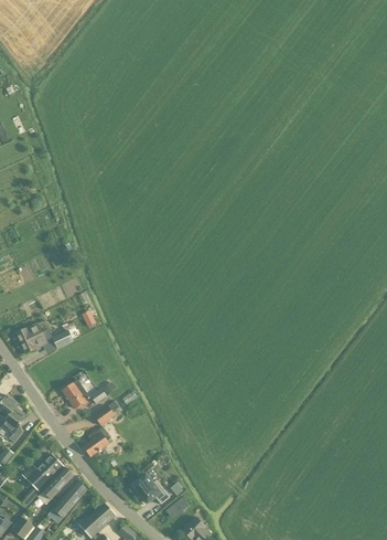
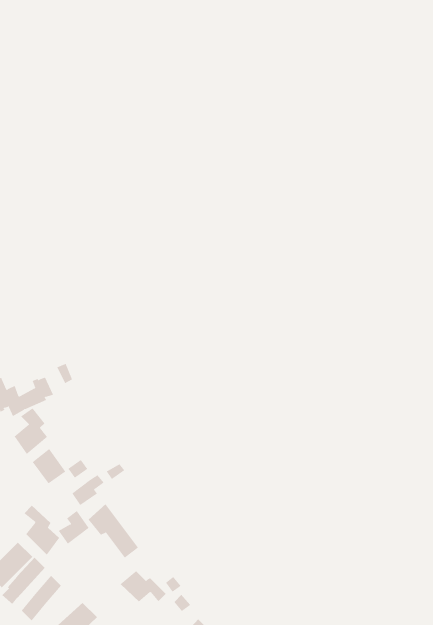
building: none -> [14,407,48,455]
building: none -> [88,503,139,558]
building: none -> [24,505,60,555]

